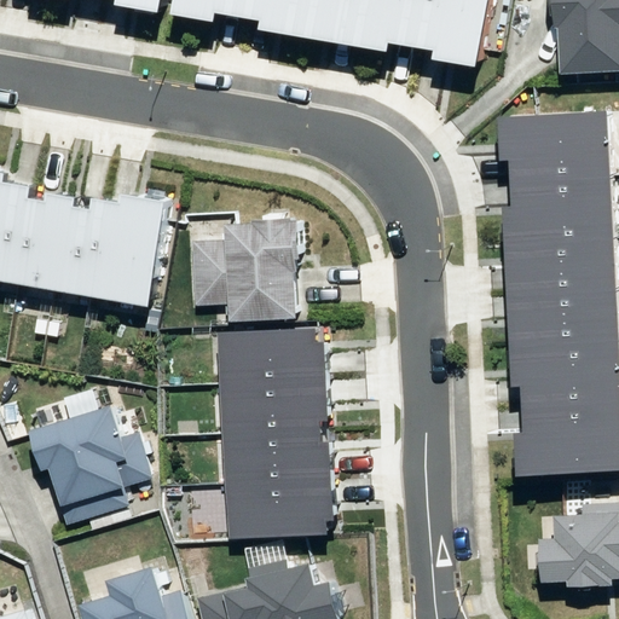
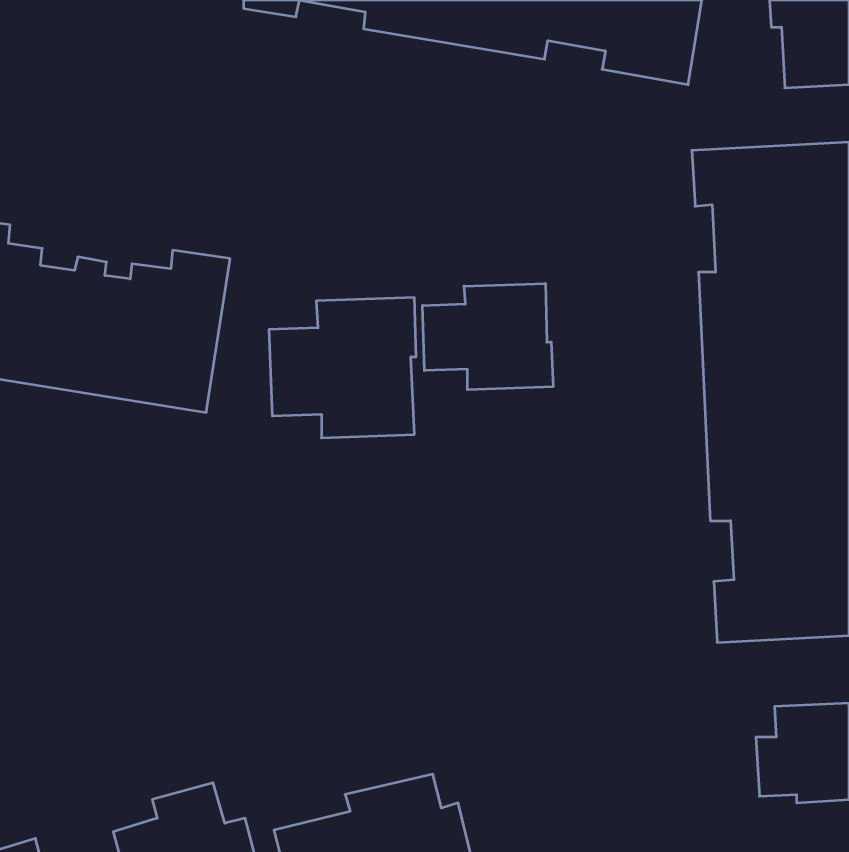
building: none -> [423,283,553,390]
building: [222,326,336,537] -> none
building: [31,409,147,523] -> none

